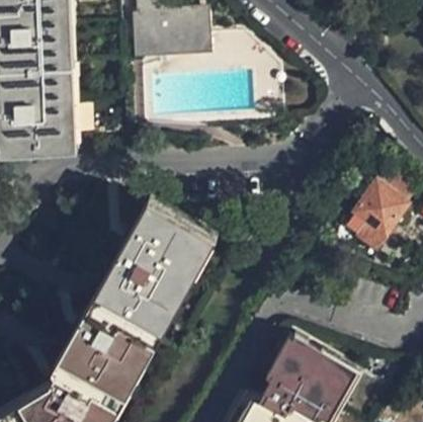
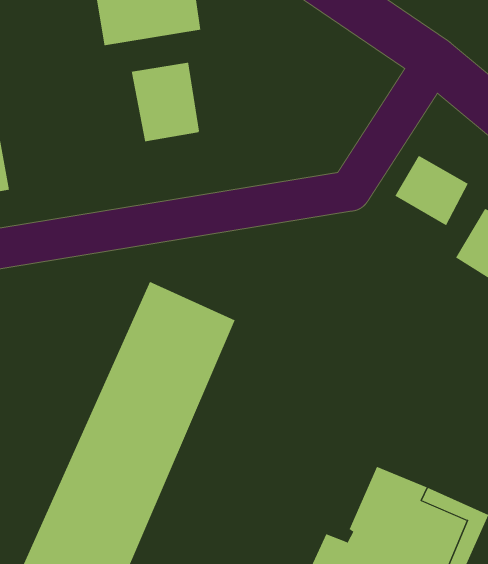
building: none -> [131,62,199,142]
building: none -> [394,156,469,226]

